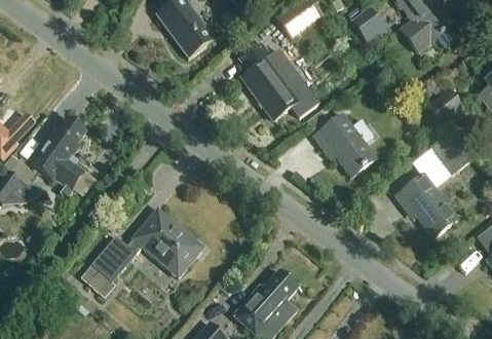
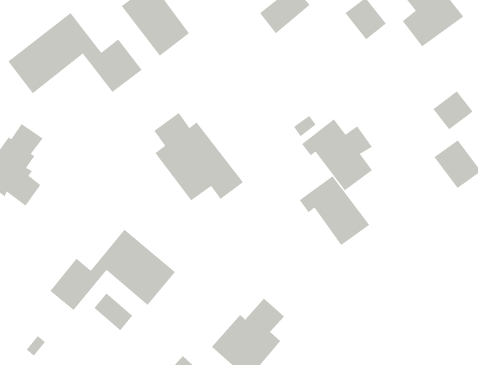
building: none -> [7,12,142,94]
building: [240,41,319,119] -> [153,112,244,201]
building: [395,175,458,236] -> [299,176,370,246]
building: [81,264,116,298] -> [93,292,133,331]

